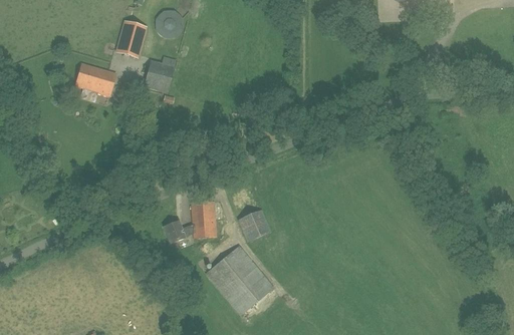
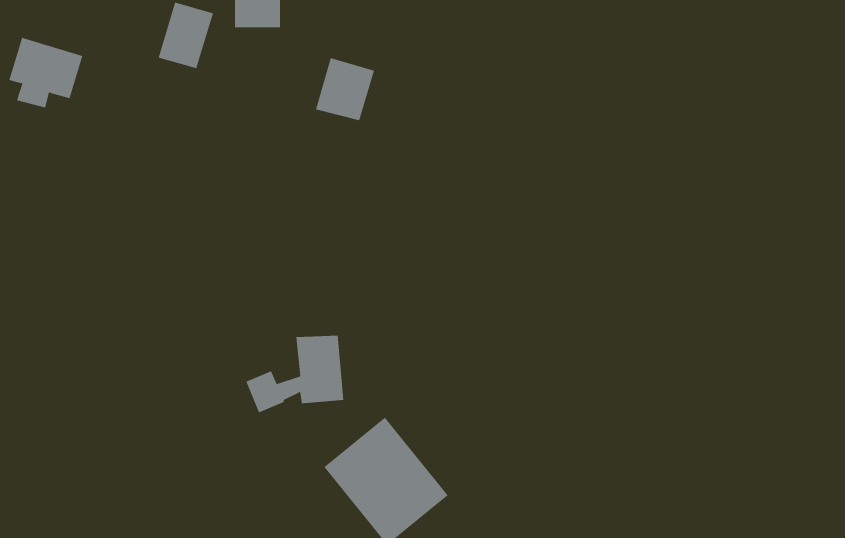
building: [143,58,175,92] -> [315,58,375,121]
building: [75,62,115,100] -> [9,37,83,108]
building: [239,208,273,242] -> none

